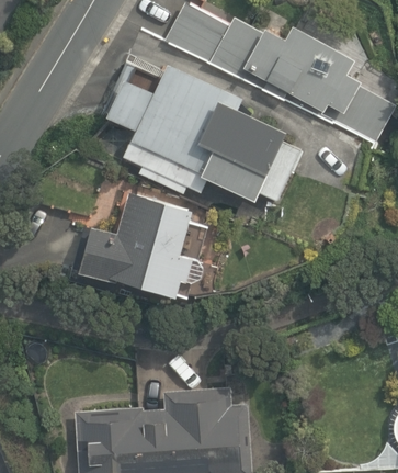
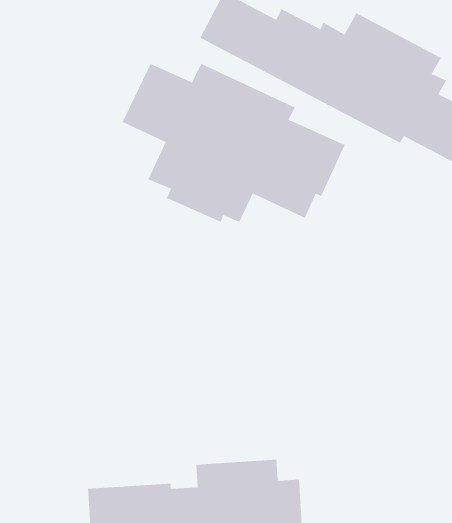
building: [77,192,196,297] -> none

